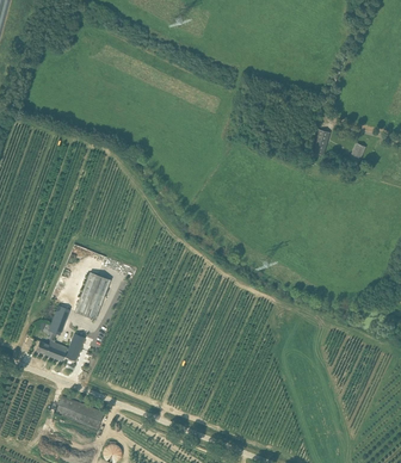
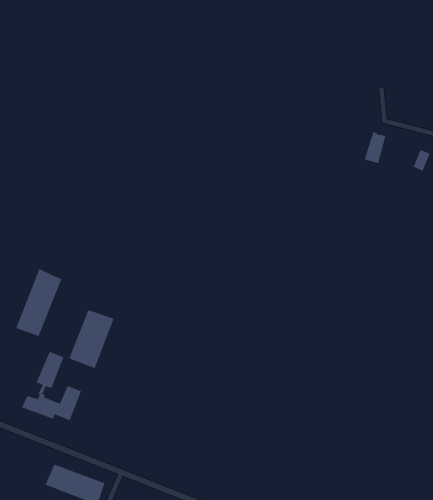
building: none -> [16,268,62,337]

